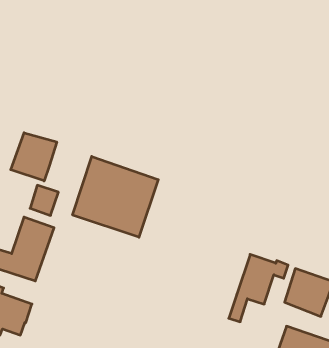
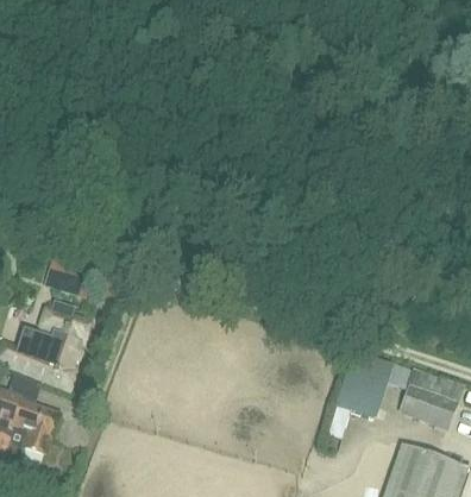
building: [11,133,57,181] -> none
building: [73,156,158,237] -> none

